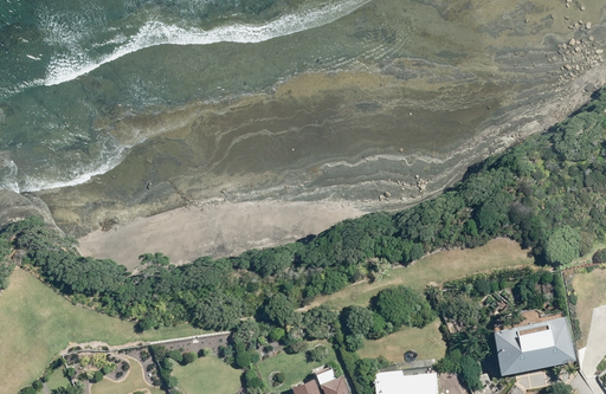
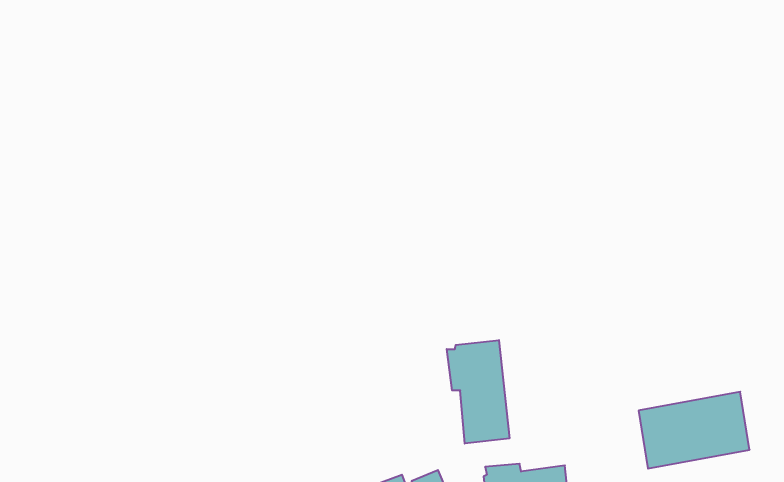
building: none -> [447,340,509,444]

